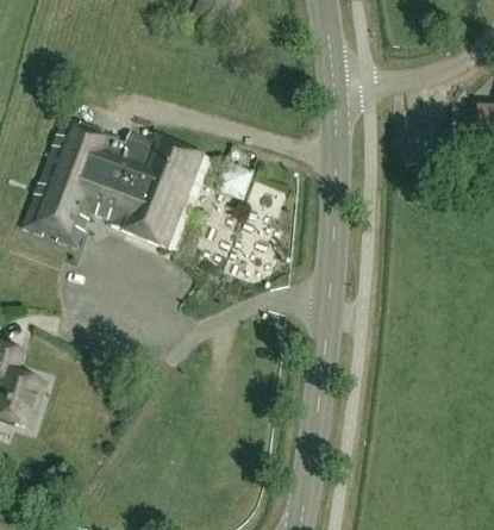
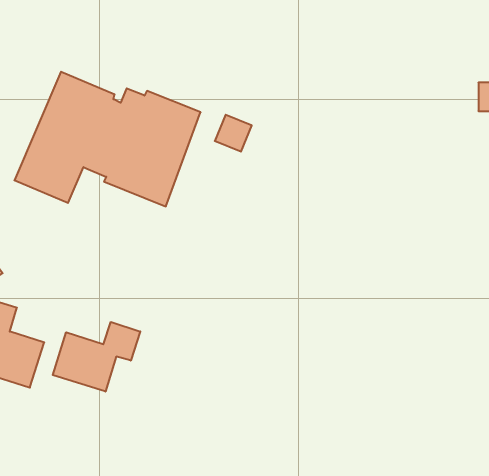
building: none -> [53,322,140,392]

